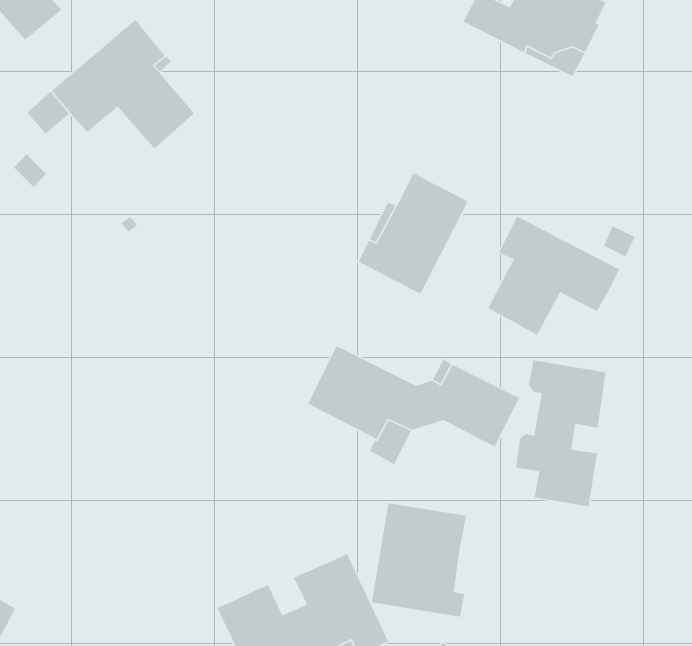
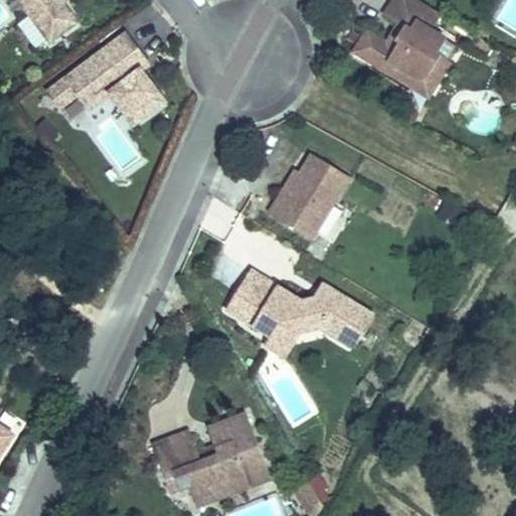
building: [487,216,620,336] -> none
building: [515,360,607,507] -> none
building: [371,503,467,617] -> none

